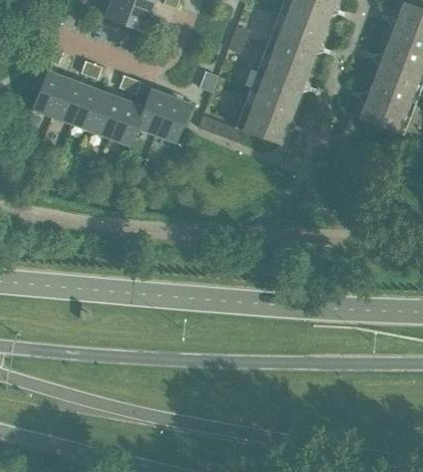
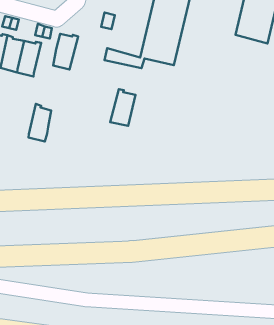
building: [154,95,188,141] -> [110,89,135,126]
building: [110,97,141,144] -> [28,104,51,141]

